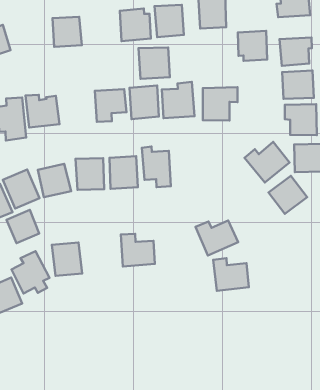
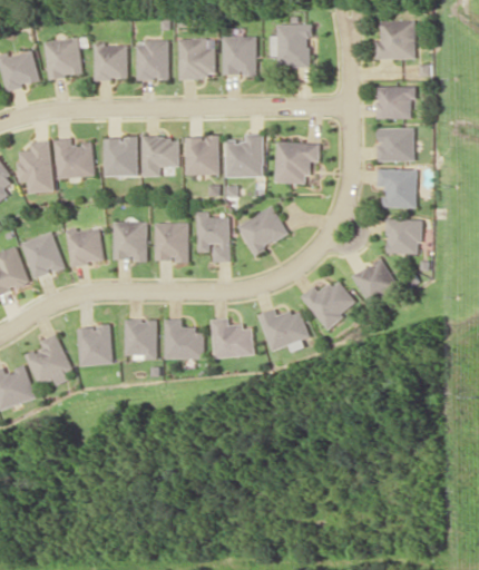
building: none -> [136,41,168,80]
building: none -> [43,38,87,79]
building: [238,31,267,61] -> none
building: [139,47,170,79] -> none
building: none -> [104,137,137,177]
building: none -> [237,206,289,255]
building: [245,142,289,182] -> [301,278,356,328]
building: [7,210,39,243] -> none
building: none -> [124,320,157,358]
building: [213,258,249,291] -> [211,318,253,358]

